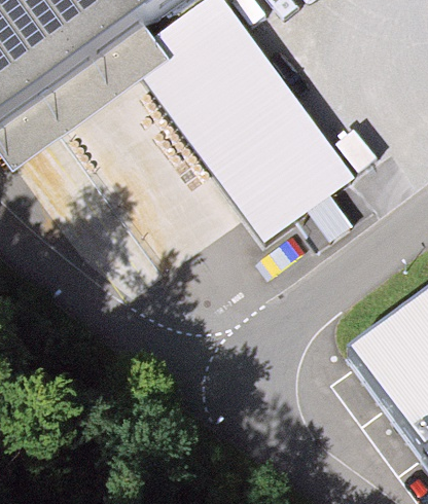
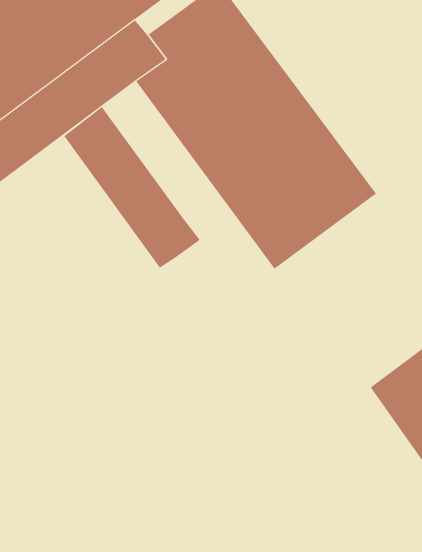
building: none -> [64,106,201,268]

